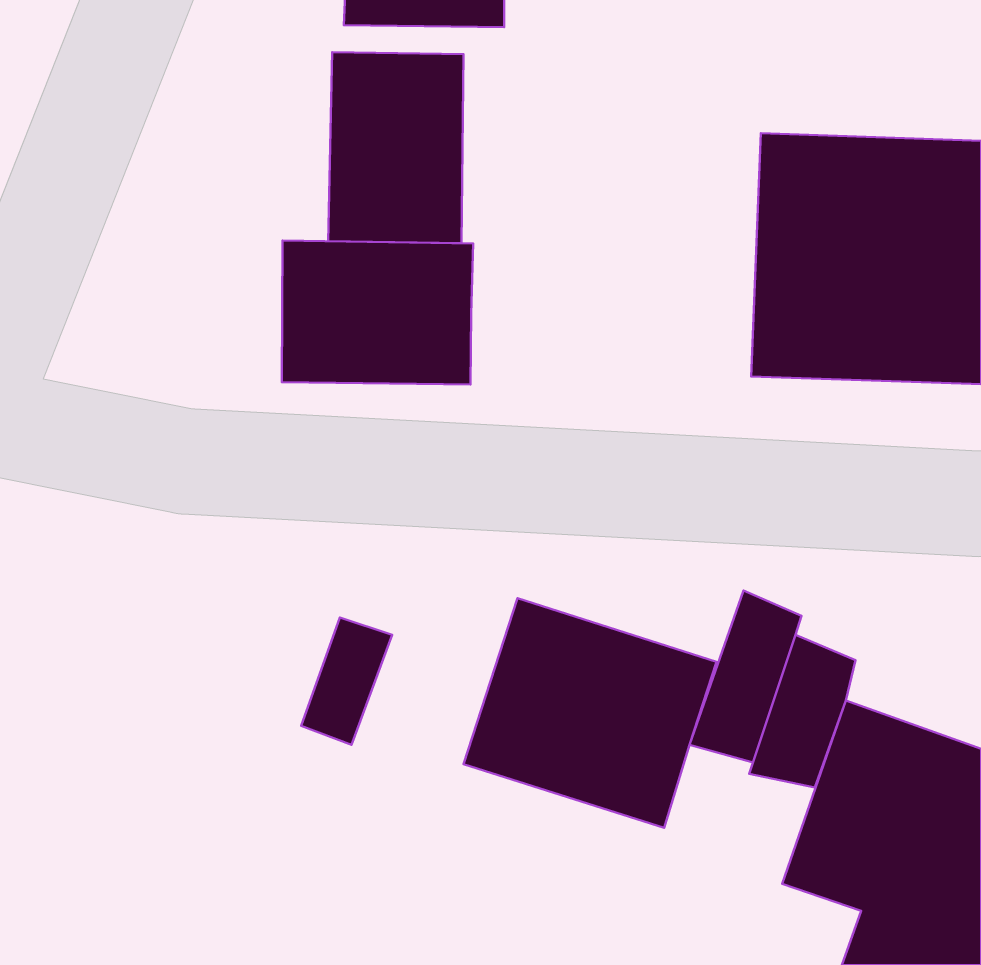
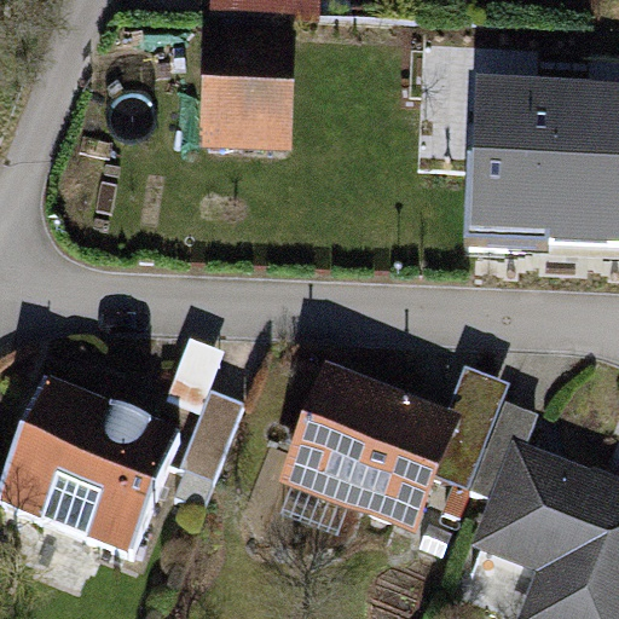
building: [282,241,473,385] -> none
building: none -> [10,386,170,551]

